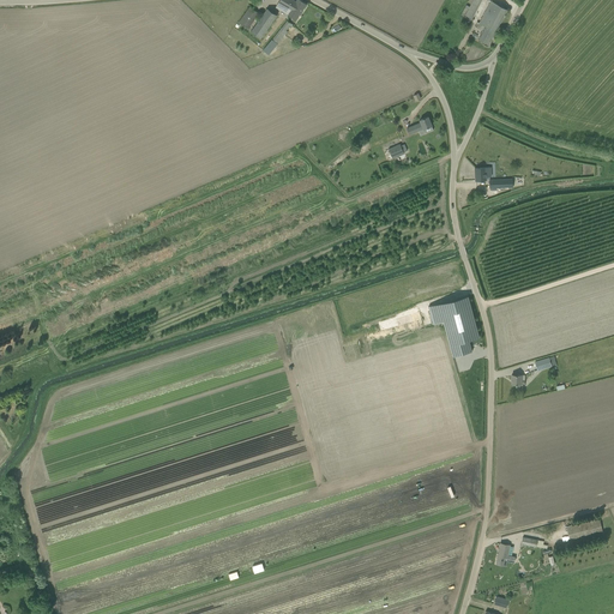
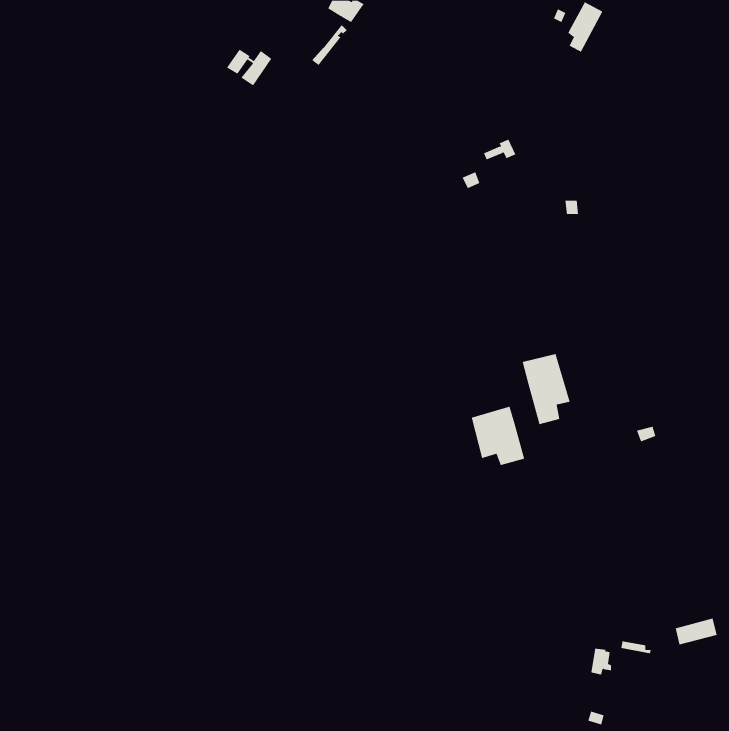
building: [237,7,276,38] -> [226,49,272,86]
building: none -> [471,406,525,466]

